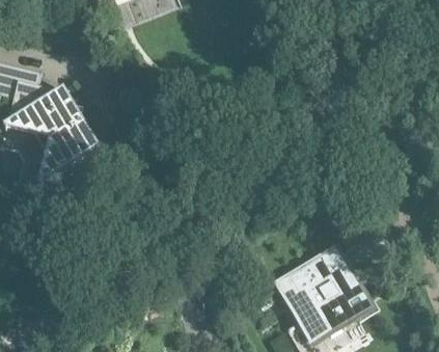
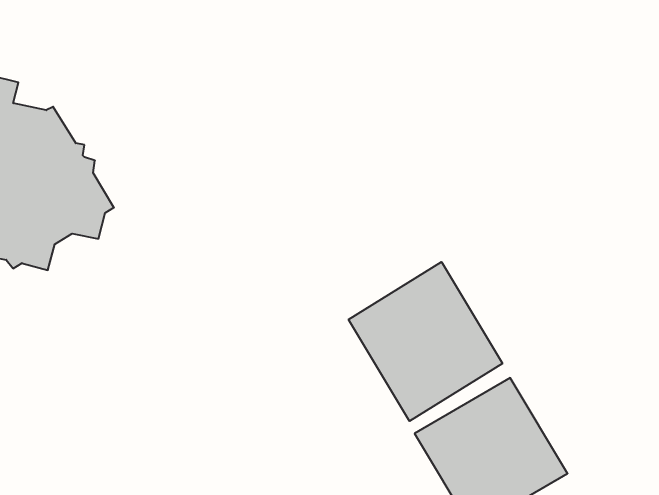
building: none -> [349,262,502,421]

